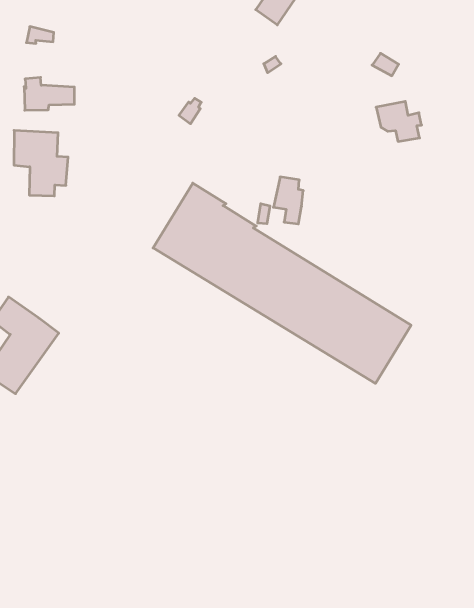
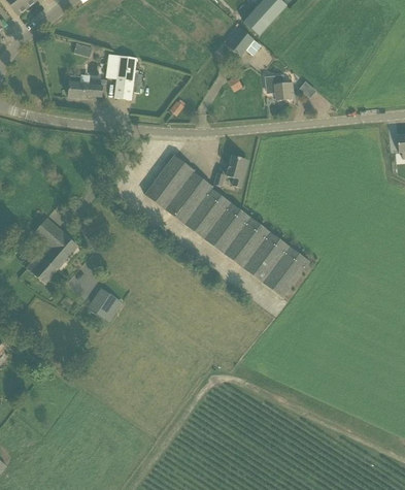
building: [376,101,422,141] -> [263,73,292,99]
building: [14,130,68,196] -> [105,53,141,98]
building: none -> [88,288,120,320]

